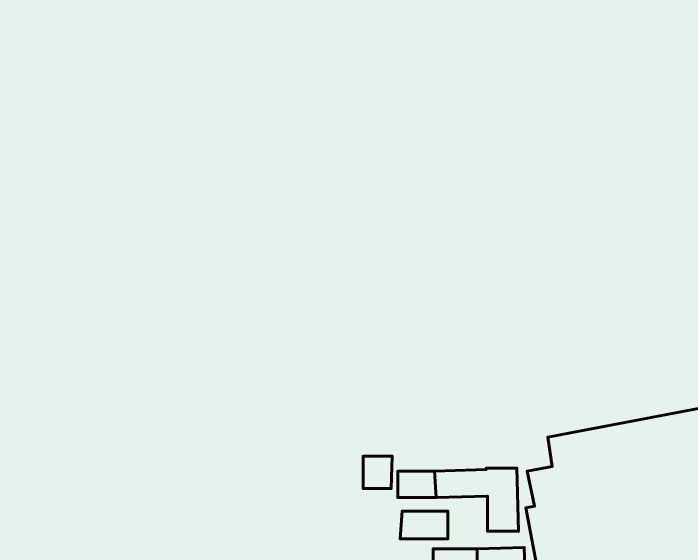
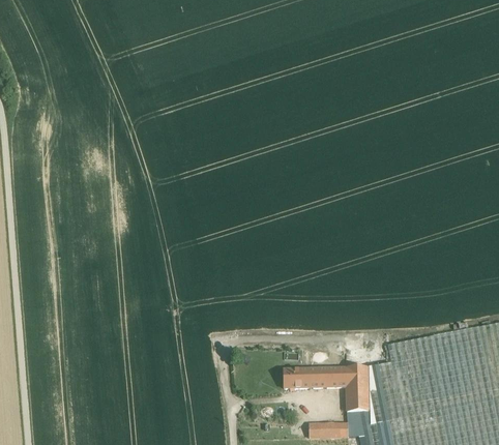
building: [363,456,392,489] -> none
building: [400,511,448,539] -> none

